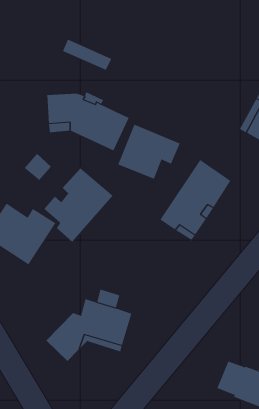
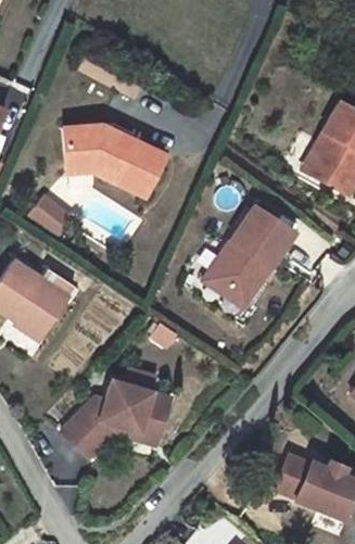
building: [117,124,180,180] -> none
building: [43,167,113,242] -> none

